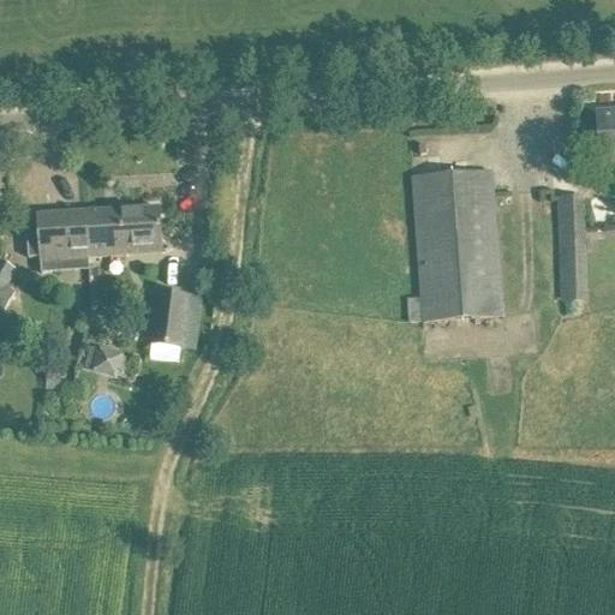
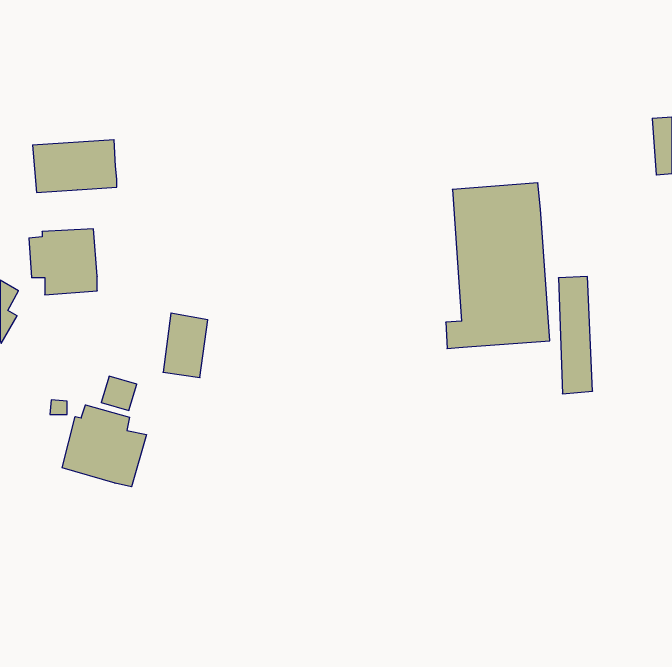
building: [556,191,587,298] -> [558,277,593,394]
building: [85,204,162,252] -> [33,140,117,192]
building: none -> [62,405,146,487]

